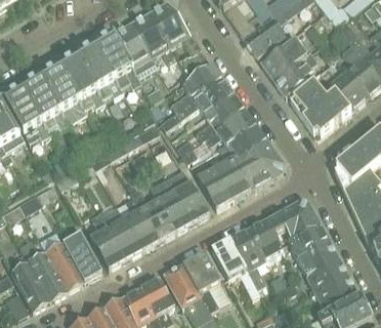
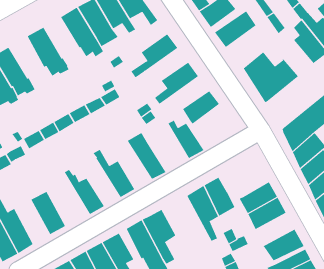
building: [77,44,123,97] -> none
building: [272,50,316,94] -> none
building: [39,65,87,122] -> none
building: [329,69,367,108] -> none
building: [160,77,232,128] -> none
building: [201,108,255,143] -> none
building: [230,137,283,188] -> none
building: [198,159,232,207] -> none
building: [157,177,193,230] -> none
building: [123,196,159,248] -> none
building: [265,197,320,240] -> none
building: [90,211,126,268] -> none
building: [211,237,257,291] -> none
building: [45,241,83,289] -> none
building: [304,255,347,292] -> none

